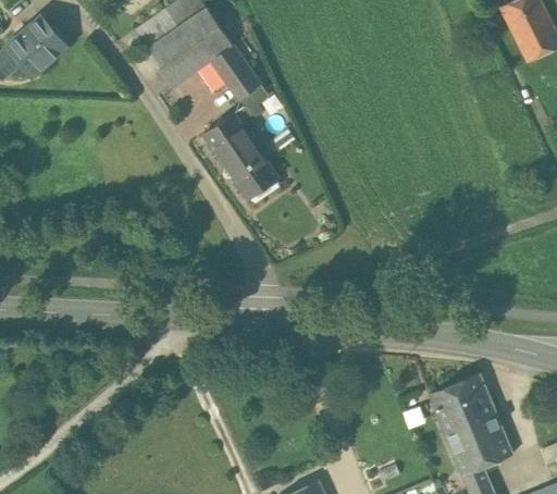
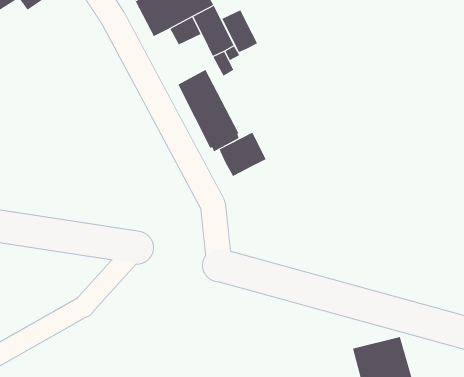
building: none -> [222,9,258,53]
building: none -> [219,132,267,177]

